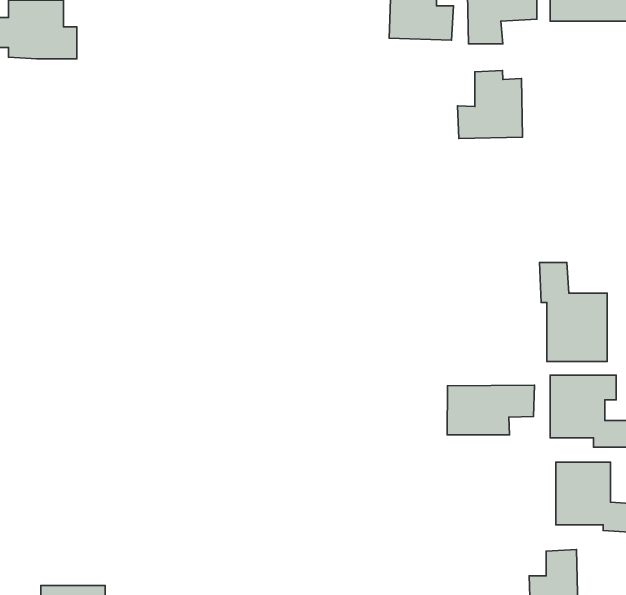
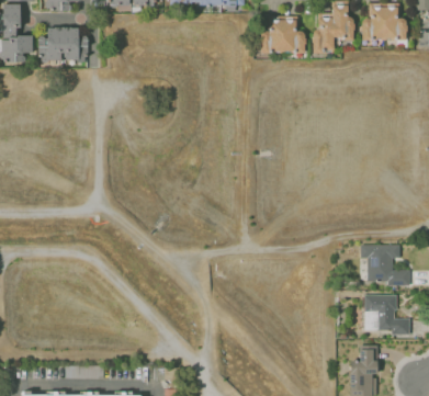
building: [458,70,522,139] -> none
building: [539,263,607,361] -> none
building: [447,385,534,435] -> none

